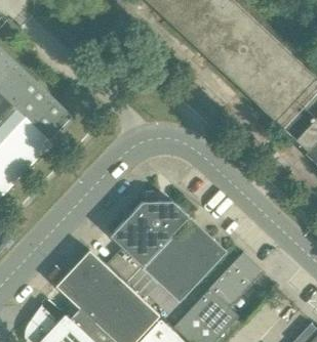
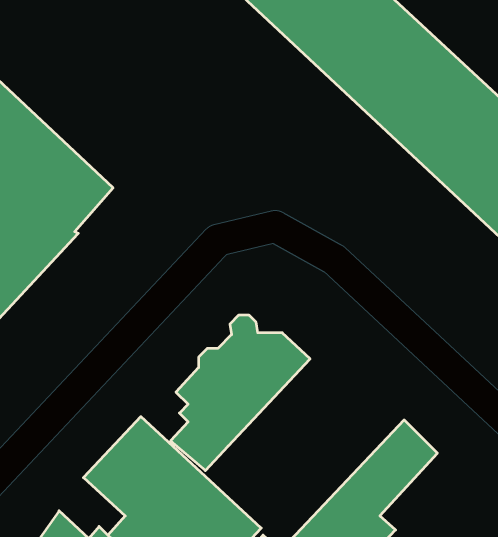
building: [127,217,227,303] -> none

